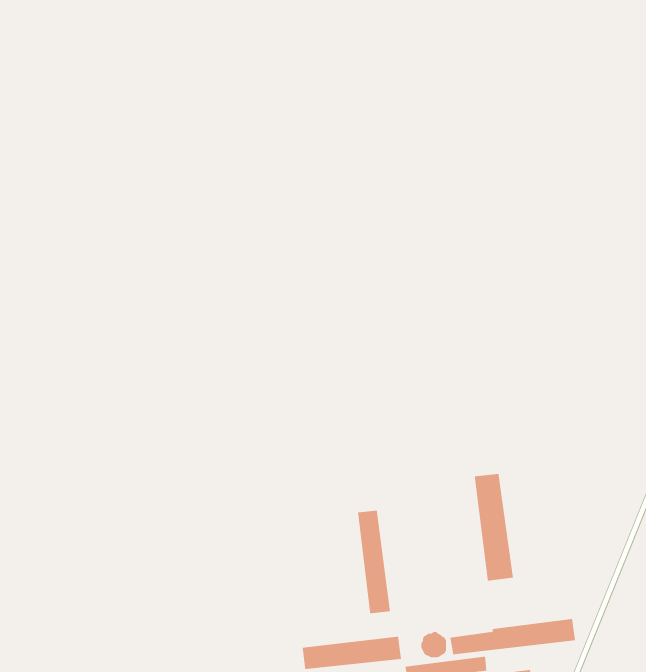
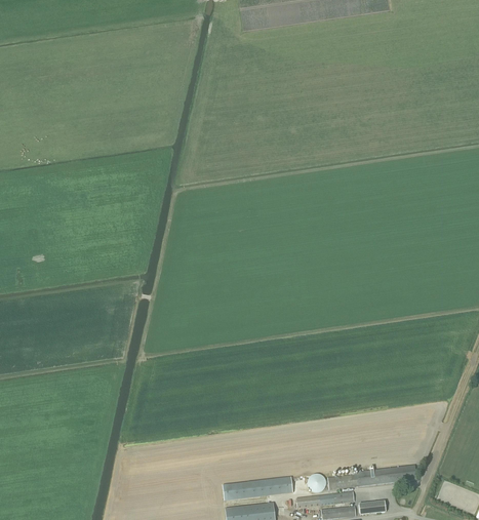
building: [474,473,513,581] -> none
building: [358,510,391,614] -> none

